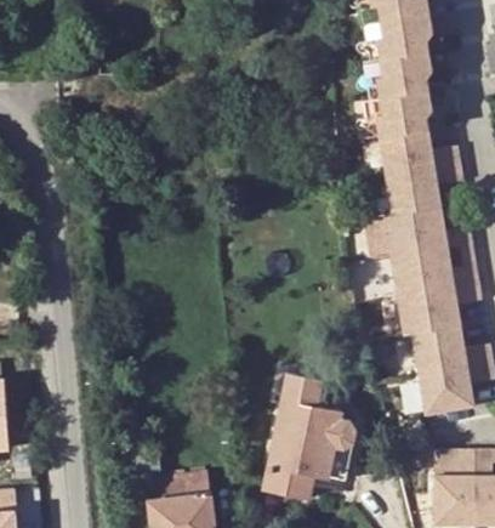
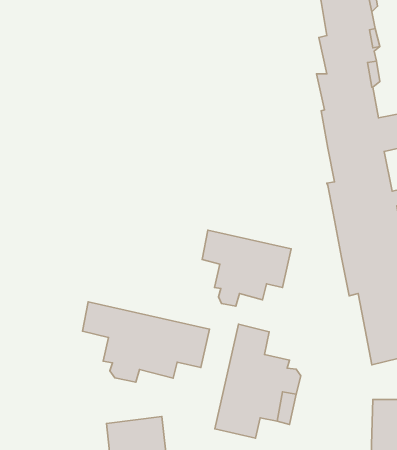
building: none -> [202,230,291,306]
building: none -> [83,302,210,382]

